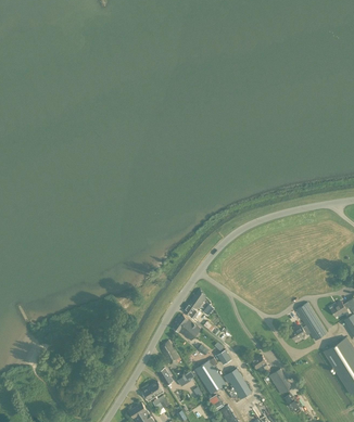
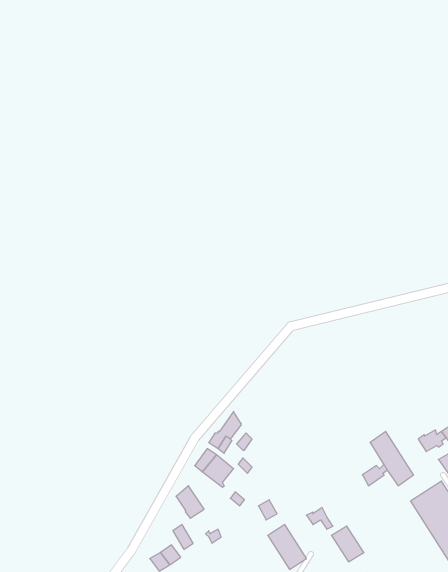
building: [194,358,225,394] -> none

